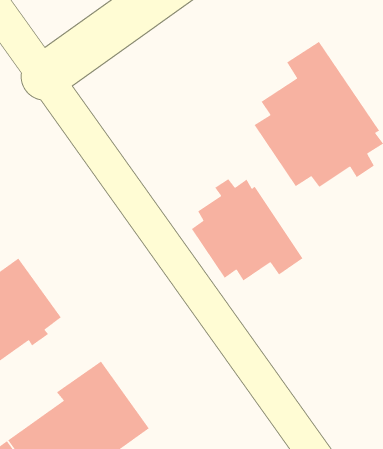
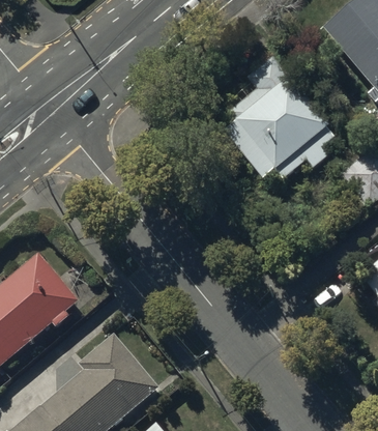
building: [191,178,303,281] -> none

